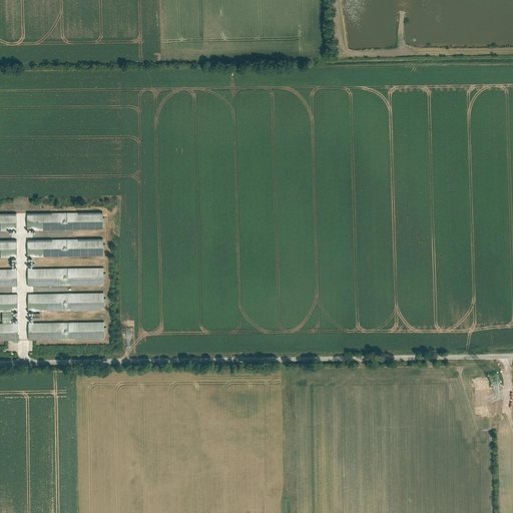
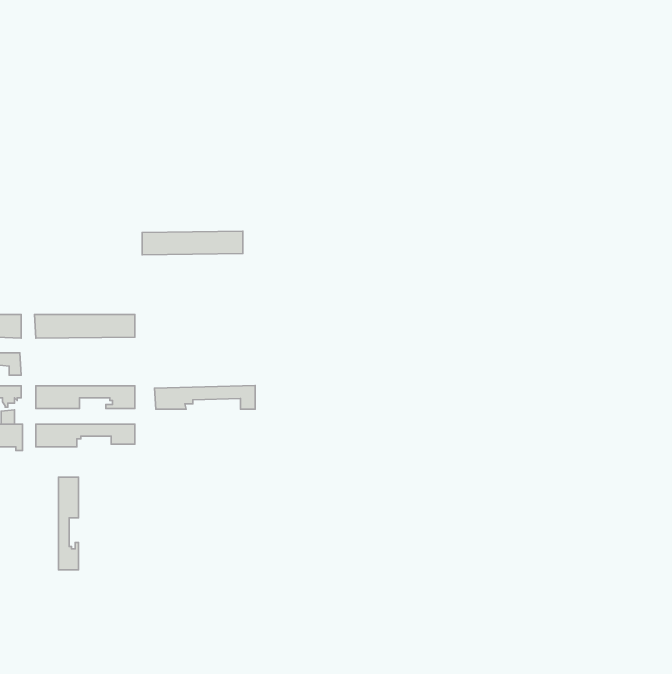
building: [26,212,102,230] -> [142,231,243,255]
building: [26,268,102,286] -> [155,385,255,409]
building: none -> [58,477,79,570]

